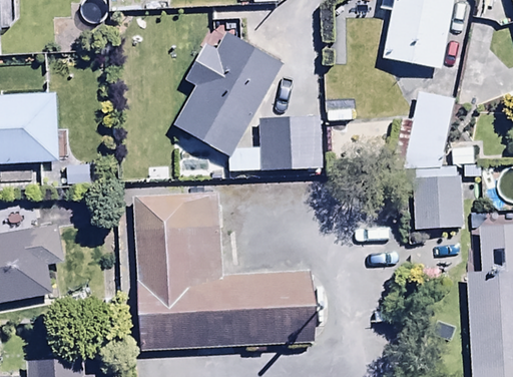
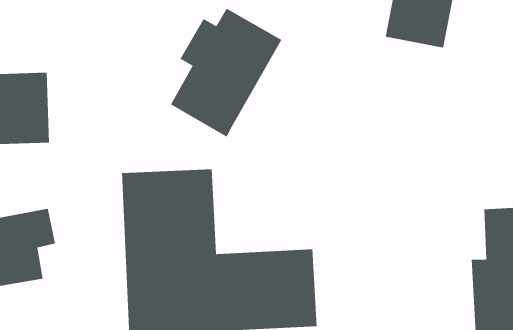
building: [402,91,459,230] -> none
building: [230,117,320,170] -> none

